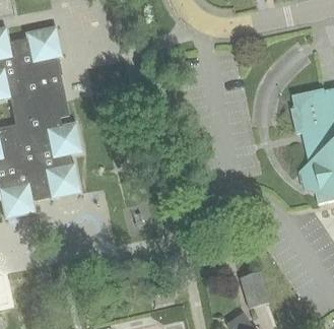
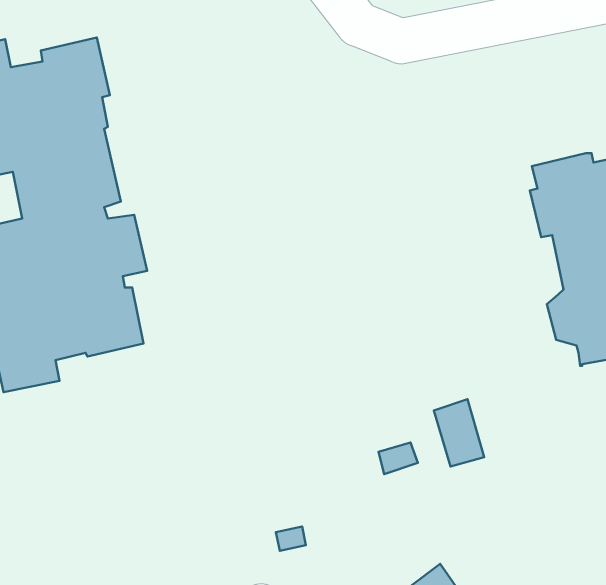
building: [242,272,269,309] -> [434,399,484,467]

